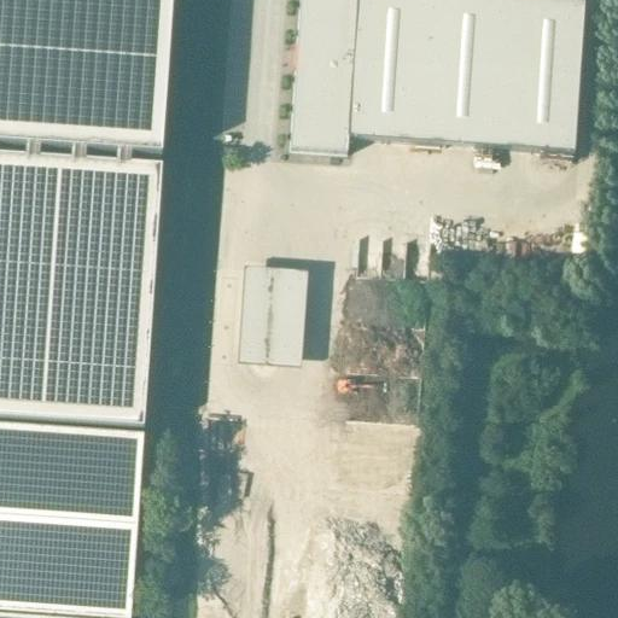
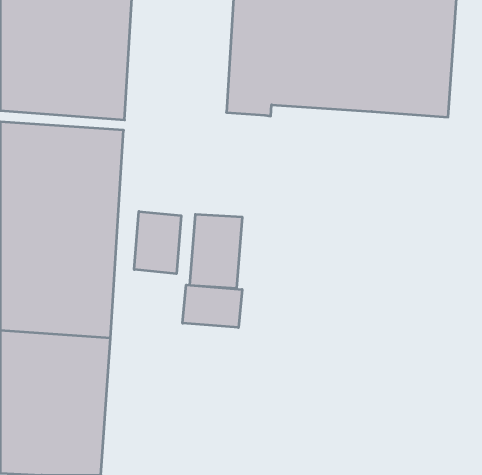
building: none -> [134,211,181,274]
building: none -> [183,285,242,328]

